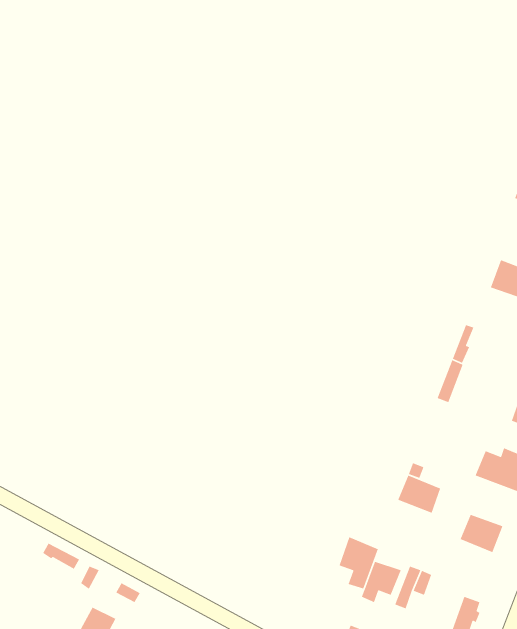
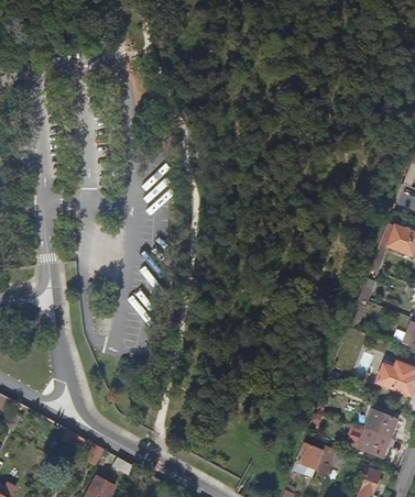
building: [397,474,441,514] -> [357,428,389,456]
building: [339,536,379,590] -> none

